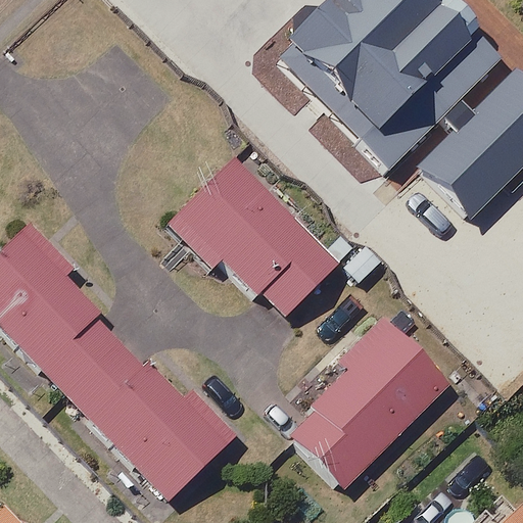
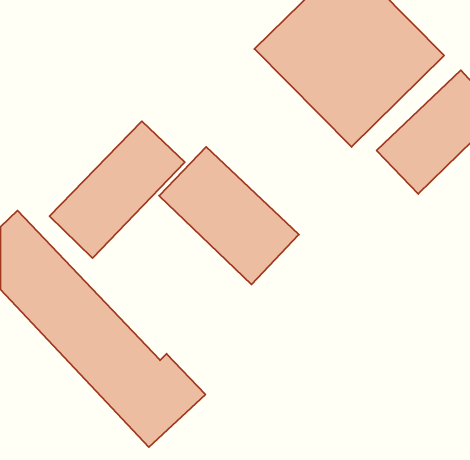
building: none -> [50,121,185,258]
building: [289,324,443,486] -> none

